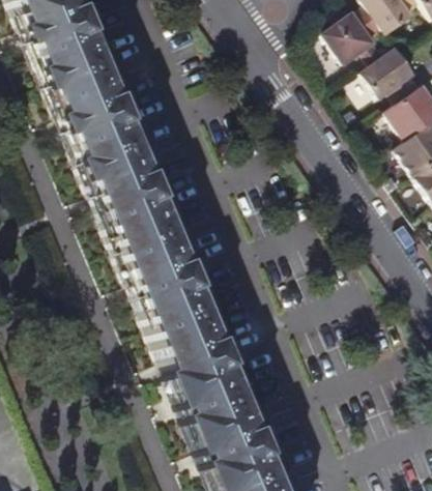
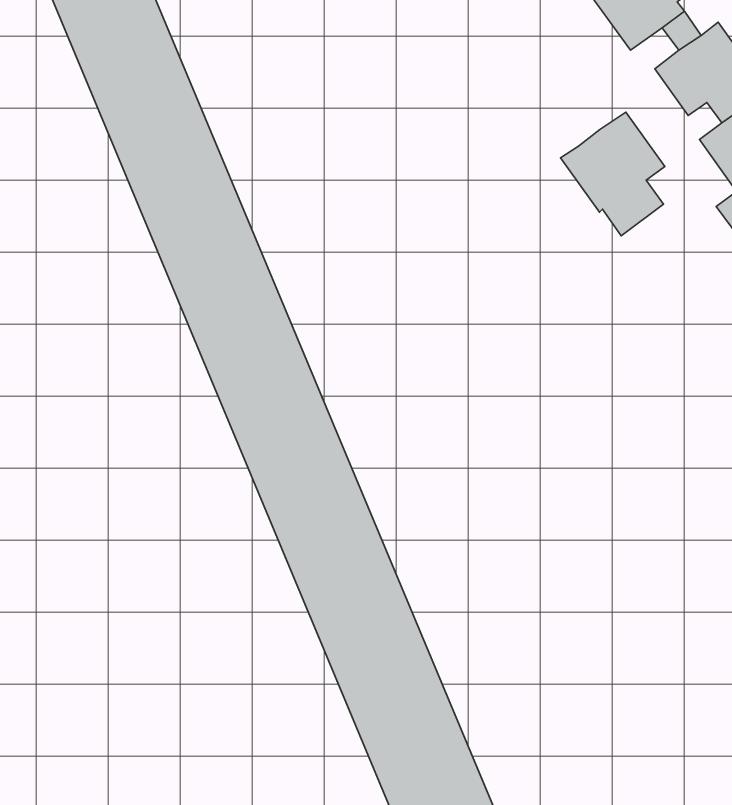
building: none -> [561,112,665,236]

